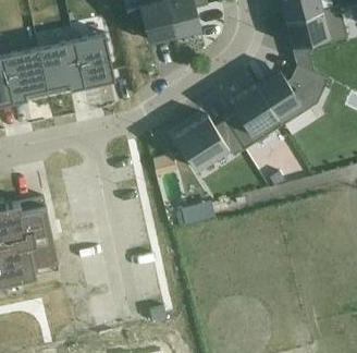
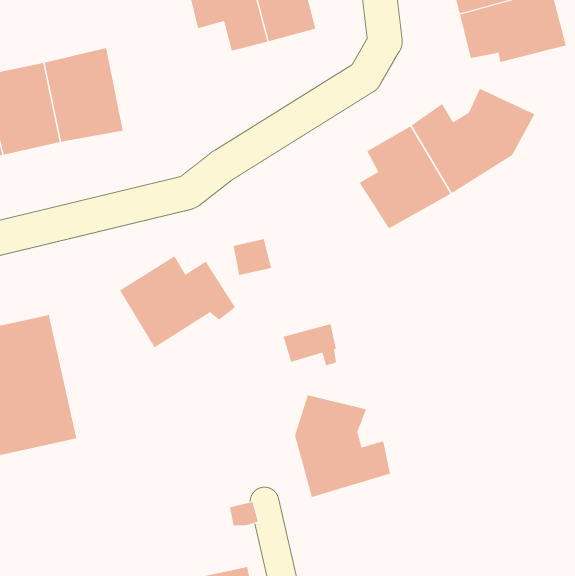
building: [77,34,121,88] -> none
building: [174,115,243,170] -> [119,255,236,348]
building: none -> [295,394,391,498]

